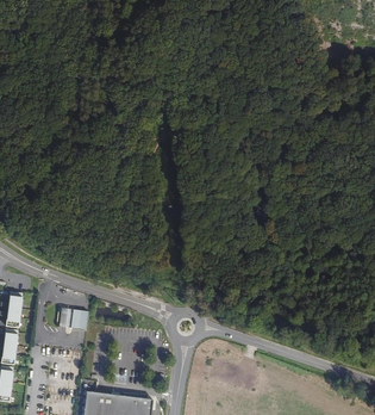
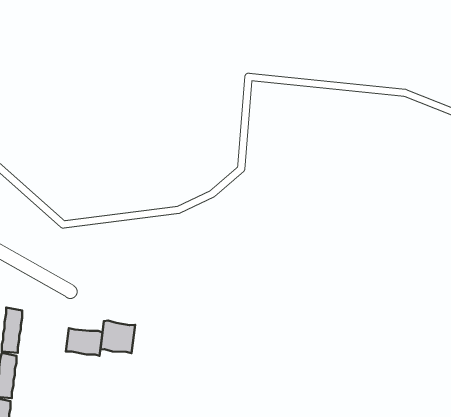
building: none -> [100,321,135,353]

